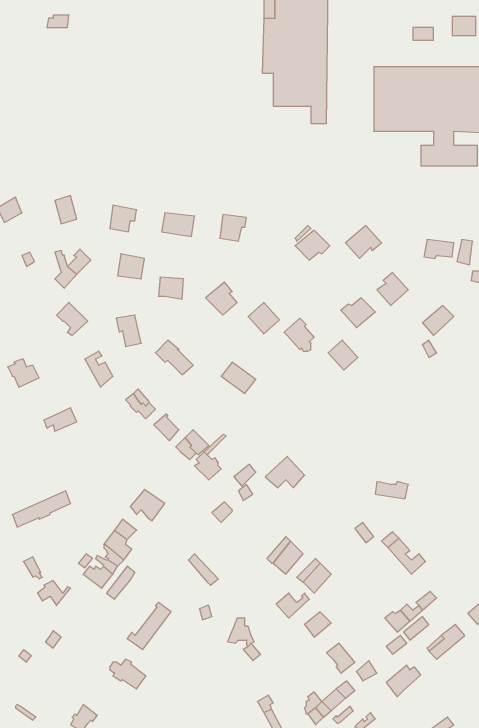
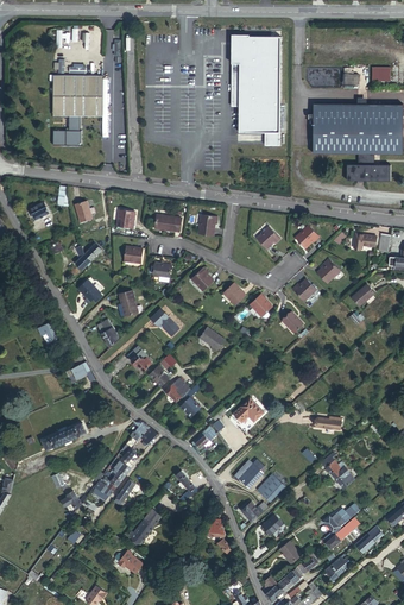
building: none -> [51,76,100,146]

